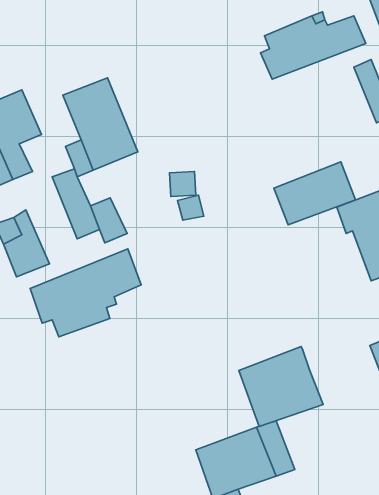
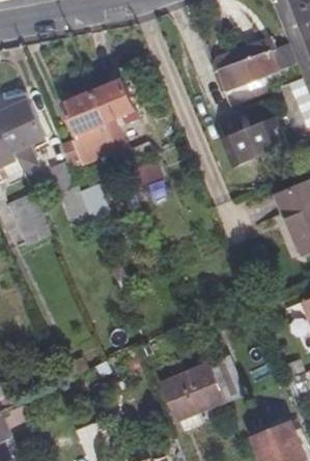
building: none -> [94,78,136,167]
building: [274,162,355,225] -> [222,114,286,164]
building: [30,249,141,337] -> none
building: [239,347,323,426] -> none

